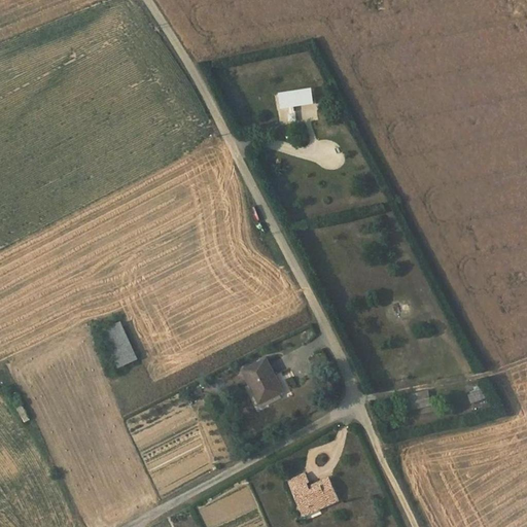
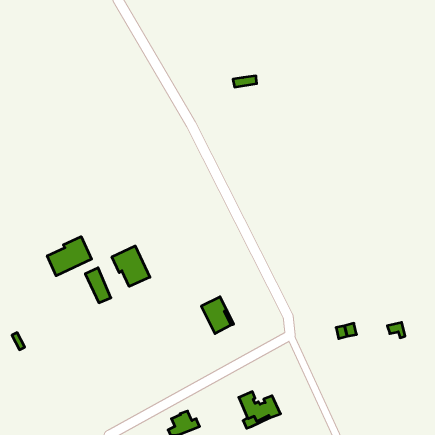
building: none -> [47,237,92,276]
building: none -> [112,246,150,286]

